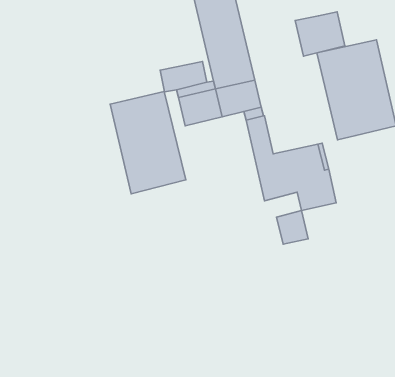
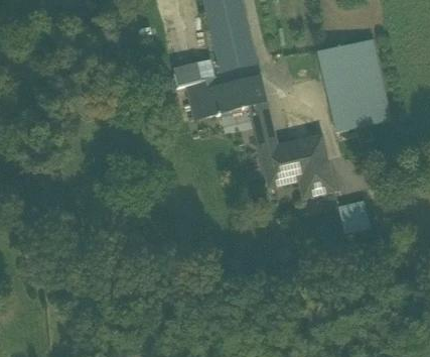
building: [295,12,345,56] -> none
building: [110,92,186,194] -> none
building: [276,210,308,244] -> [339,201,369,232]

